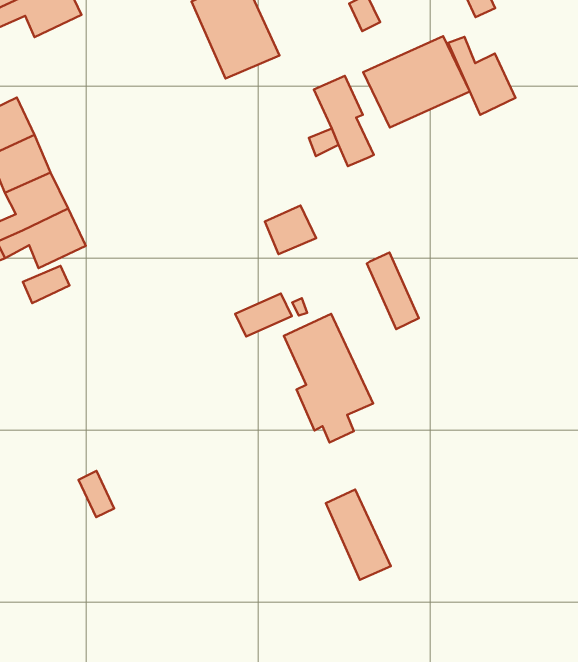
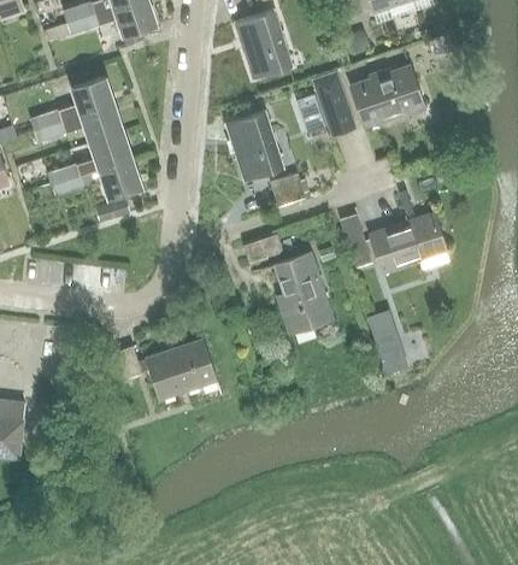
building: [448,37,515,115] -> none
building: none -> [225,110,283,179]
building: none -> [370,212,446,272]
building: none -> [145,337,217,399]
building: [326,490,391,580] -> [367,310,408,373]

